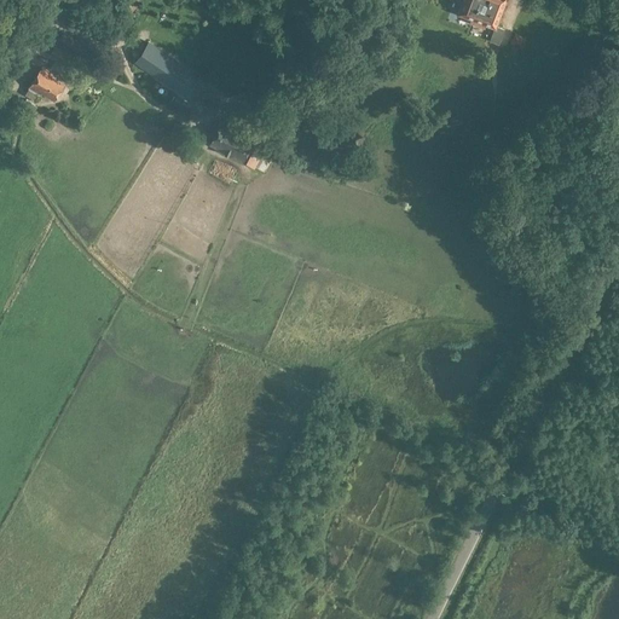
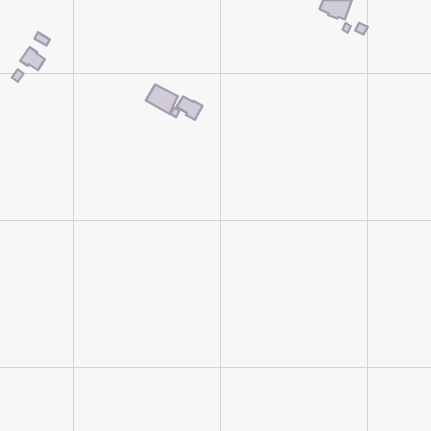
building: [134,46,198,99] -> none
building: none -> [177,96,203,120]

